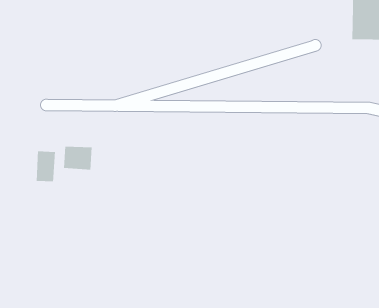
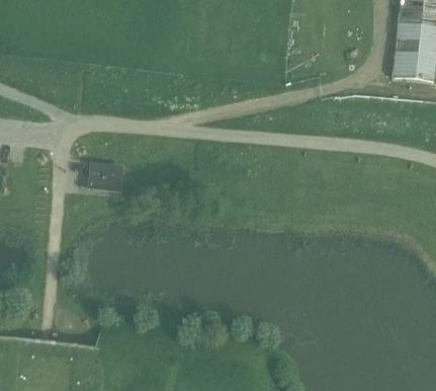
building: [36,150,56,182] -> none

